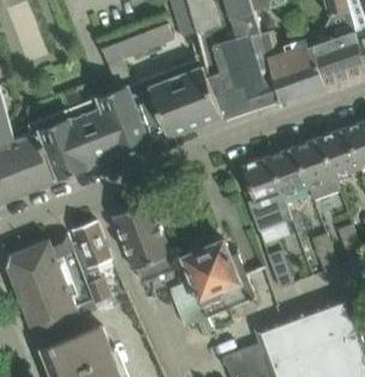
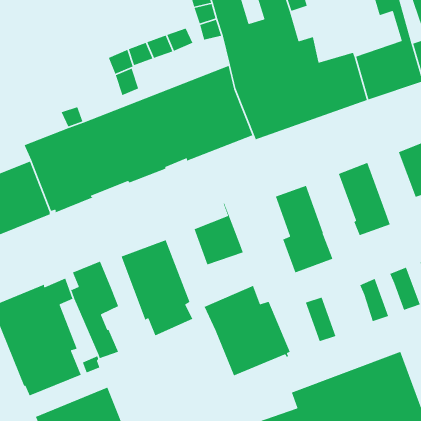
building: [320,129,359,177] -> none
building: [268,147,309,196] -> none
building: none -> [194,203,244,265]

